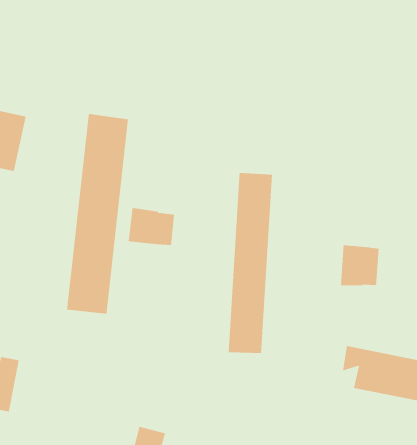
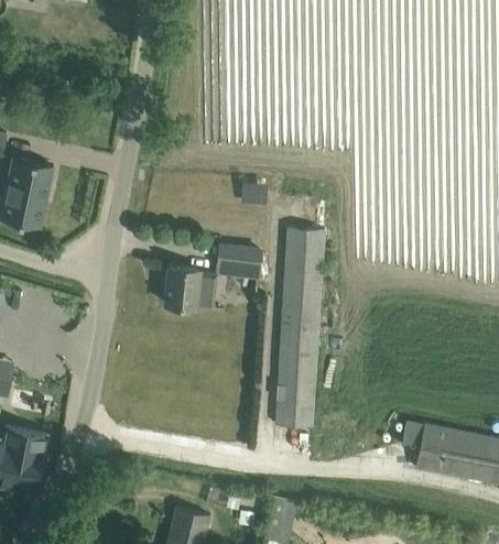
building: [67,113,129,315] -> none
building: none -> [217,247,259,270]
building: [340,245,379,286] -> none

